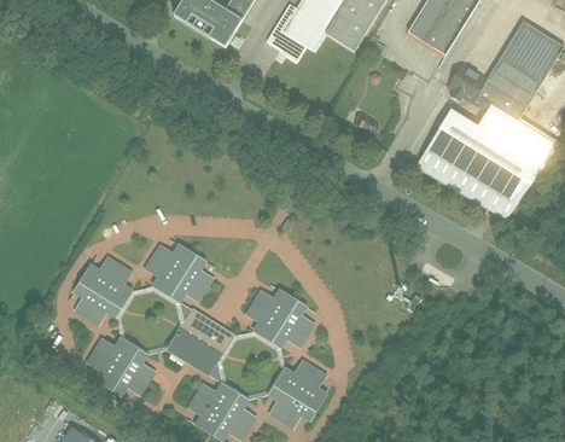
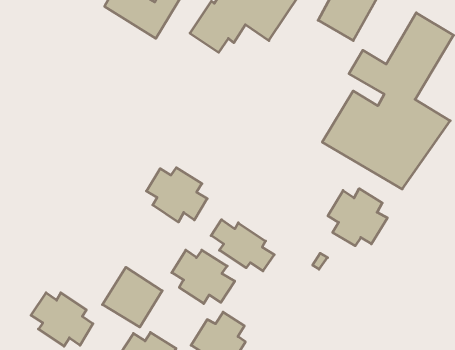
building: none -> [328,189,387,246]
building: [144,242,212,303] -> [146,168,207,222]
building: none -> [211,220,274,271]
building: [71,255,133,325] -> none

